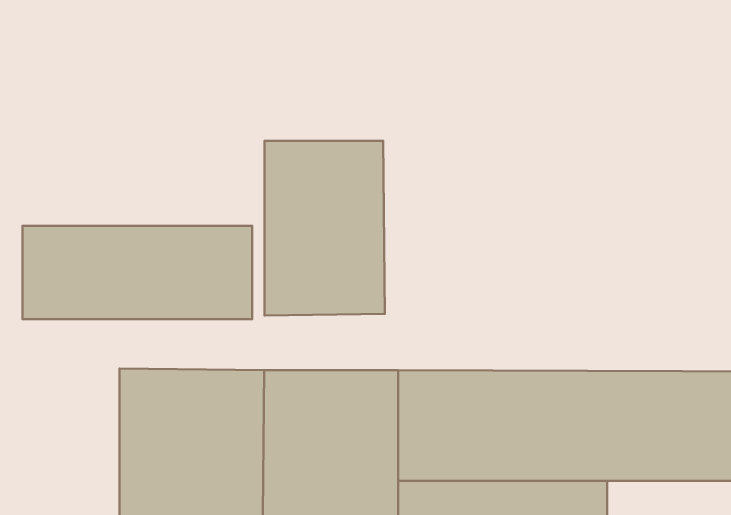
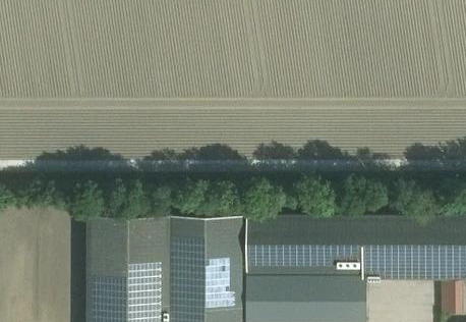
building: [265,141,385,315] -> none
building: [23,226,252,319] -> none

